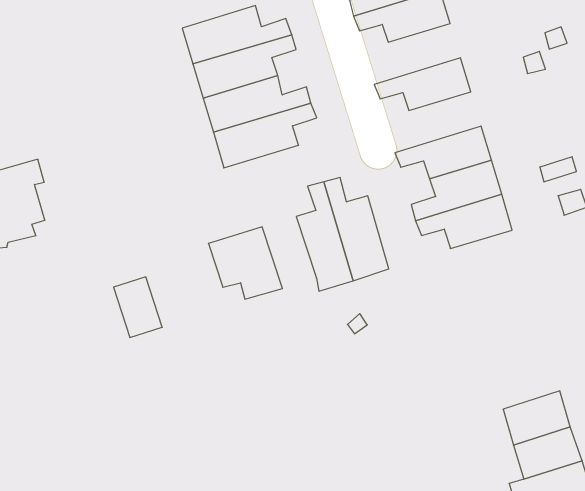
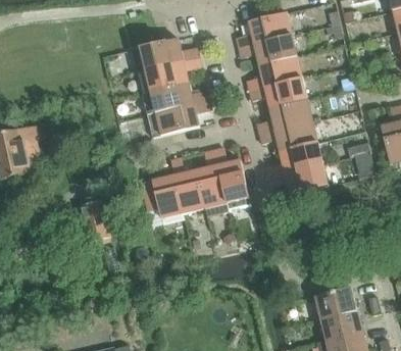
building: none -> [246,55,302,90]
building: none -> [256,98,312,133]
building: none -> [169,156,205,212]

